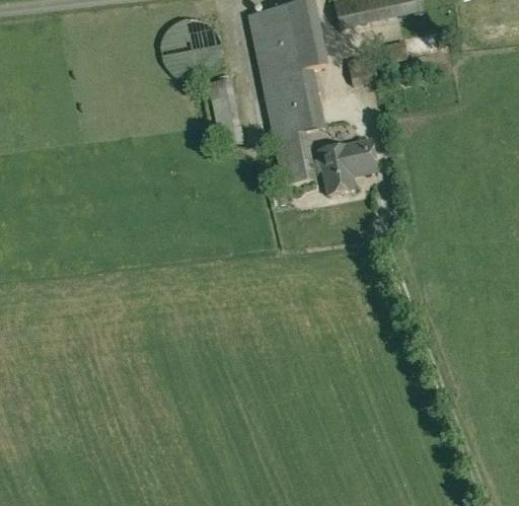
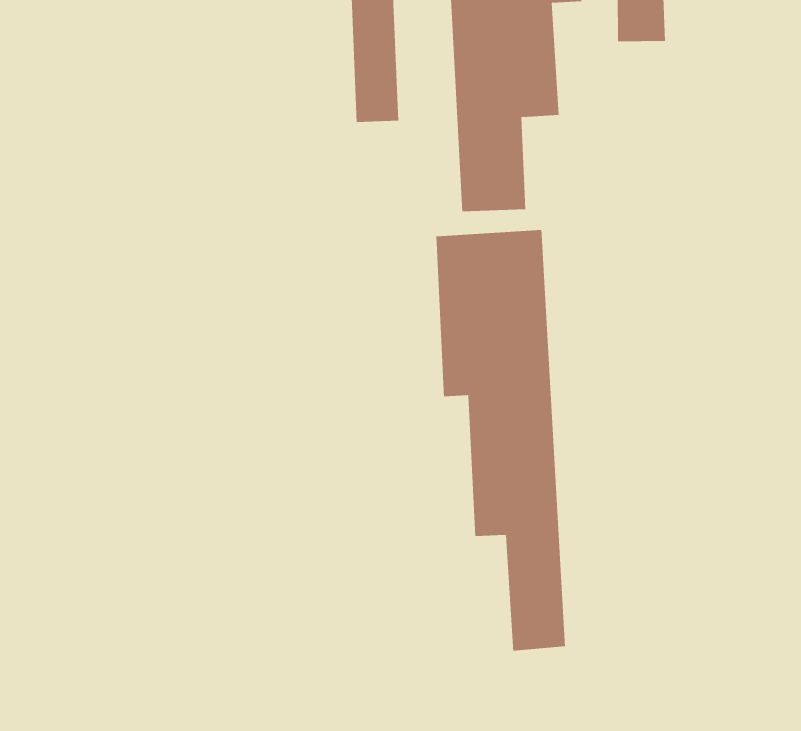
building: [318,136,376,192] -> none
building: none -> [436,229,565,651]

